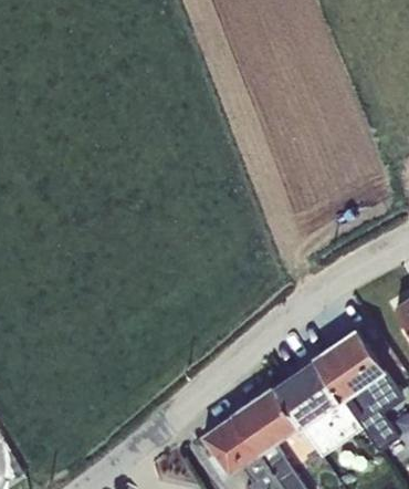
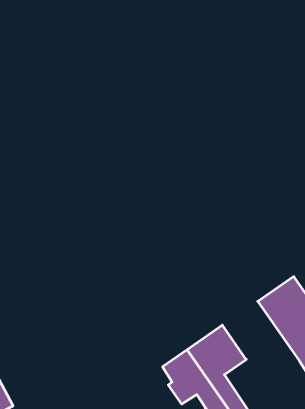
building: [271,361,360,458] -> none

